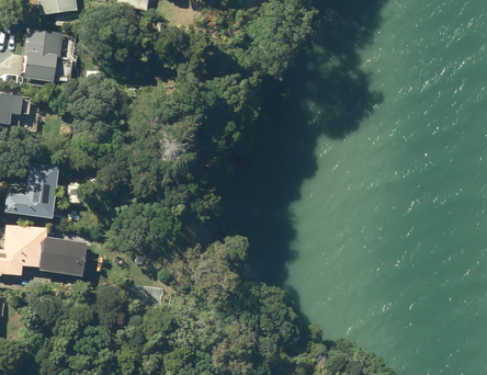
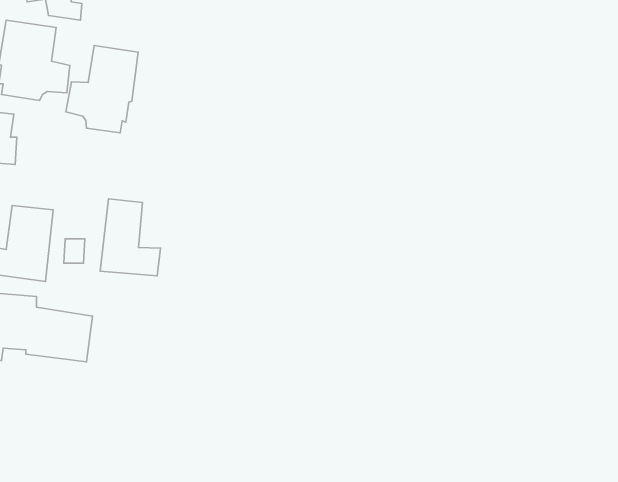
building: none -> [66,45,138,133]
building: none -> [100,199,160,276]

